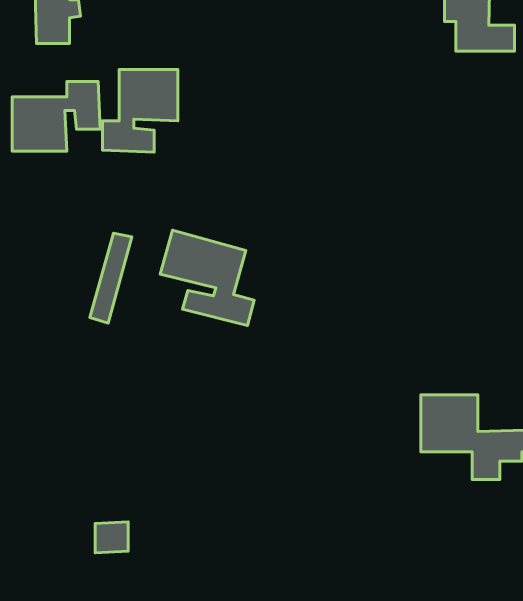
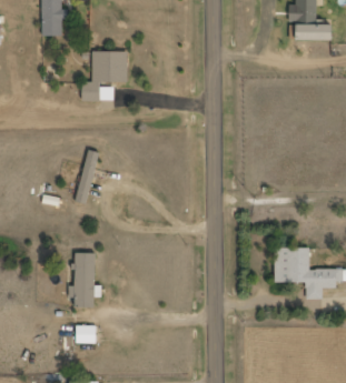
building: [12,82,100,151] -> none
building: [160,230,254,326] -> none
building: none -> [69,253,96,305]

